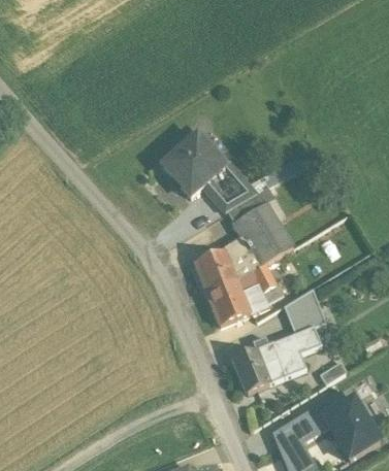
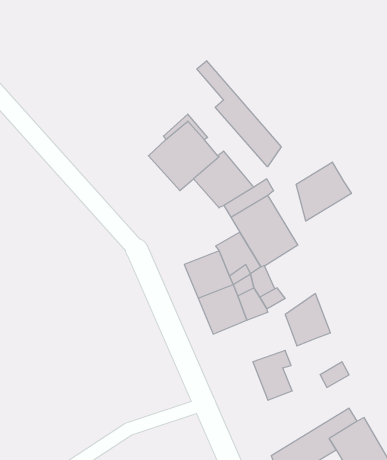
building: none -> [197,61,281,167]
building: none -> [296,162,351,221]
building: [282,327,319,374] -> none
building: [233,348,268,392] -> none

